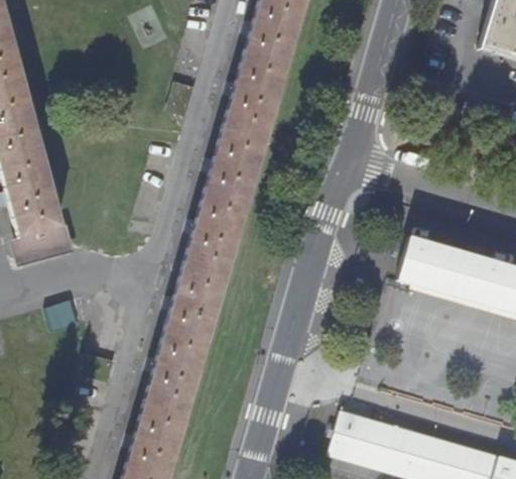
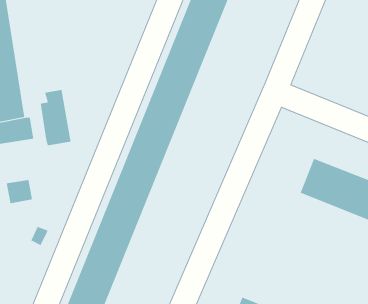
building: none -> [40,89,71,146]

